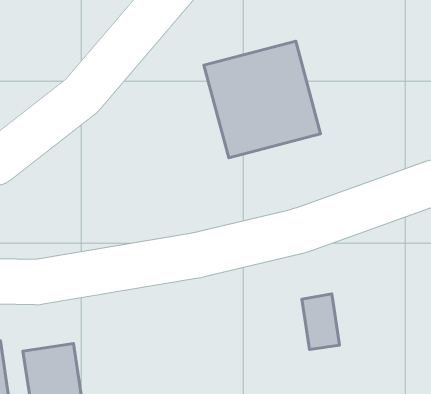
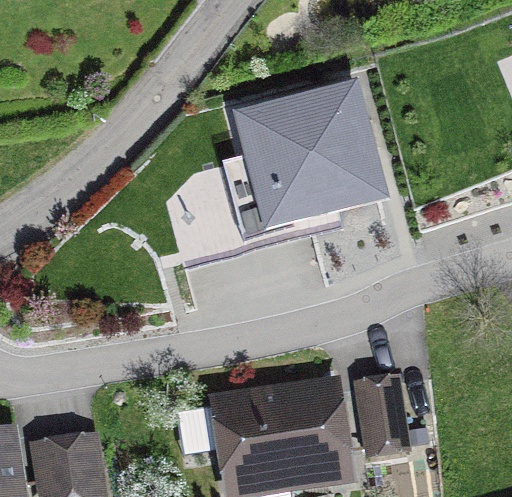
building: none -> [220,385,342,488]

